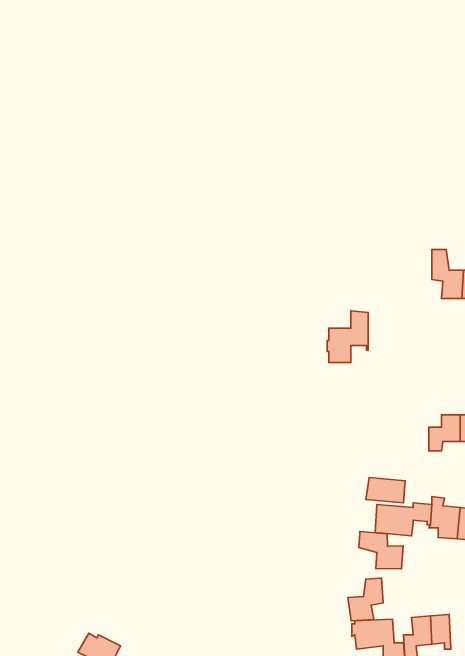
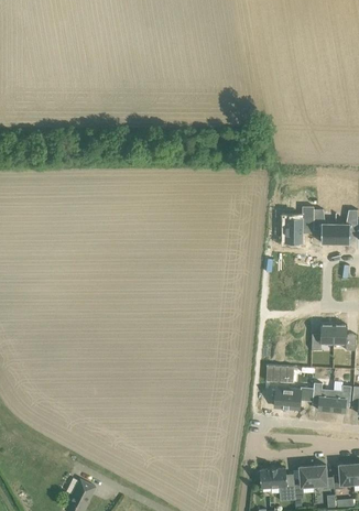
building: [327,311,368,363] -> [284,206,313,242]
building: [359,532,403,569] -> none
building: [348,578,383,621] -> none

